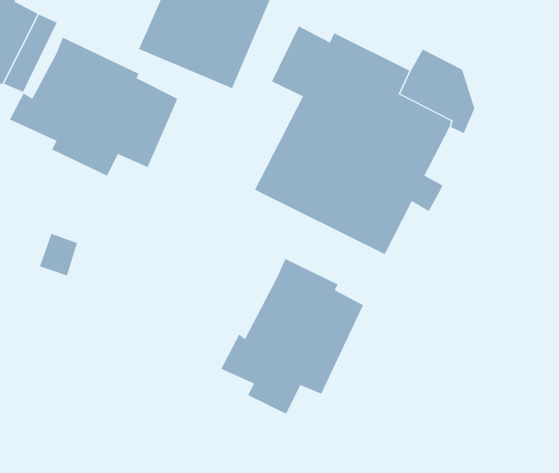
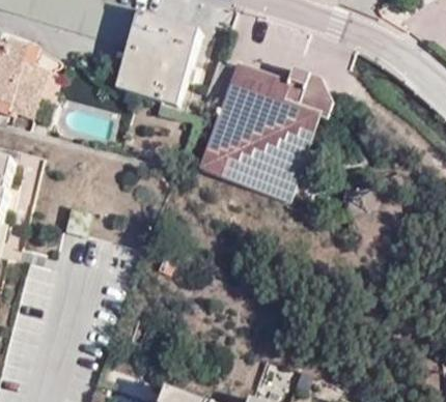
building: [9,37,179,177] -> none
building: [221,258,364,414] -> none

